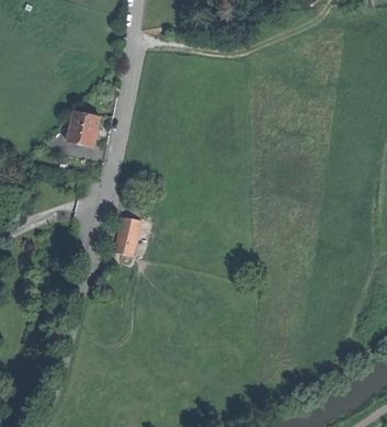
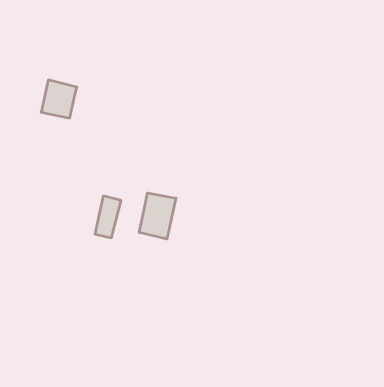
building: none -> [139,193,176,239]

